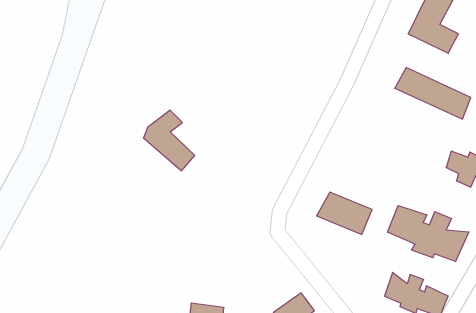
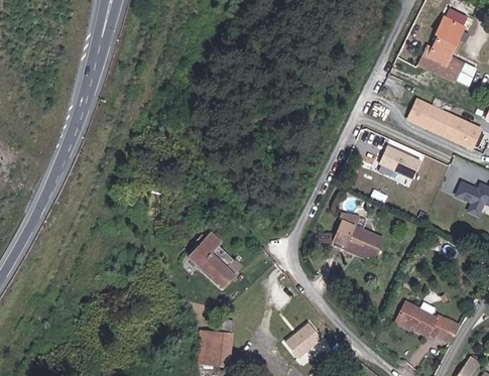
building: [143,110,195,171] -> [186,230,236,289]
building: none -> [380,145,423,178]
building: [388,206,469,262] -> none

